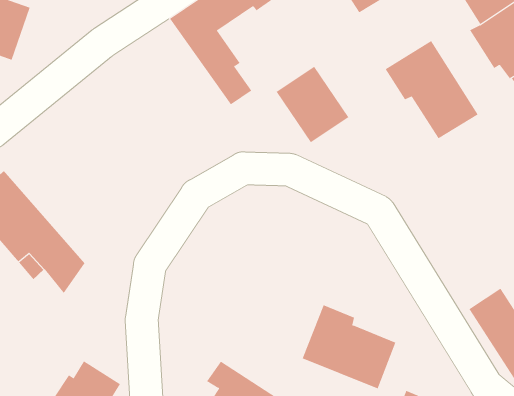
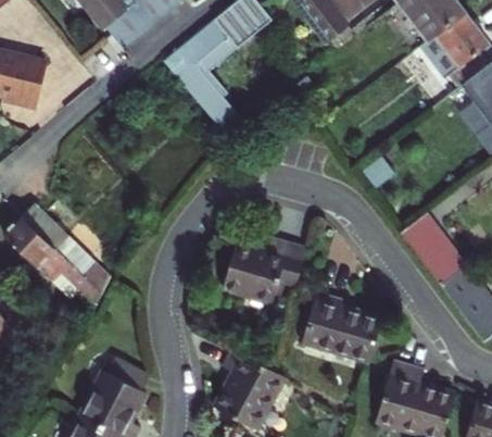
building: [385,40,478,139] -> none
building: [276,66,349,143] -> none
building: none -> [401,214,467,287]
building: none -> [223,240,305,304]

